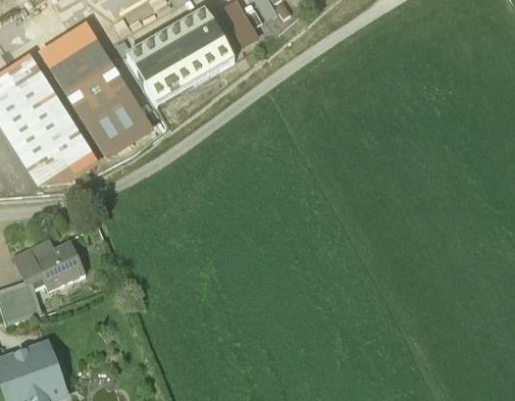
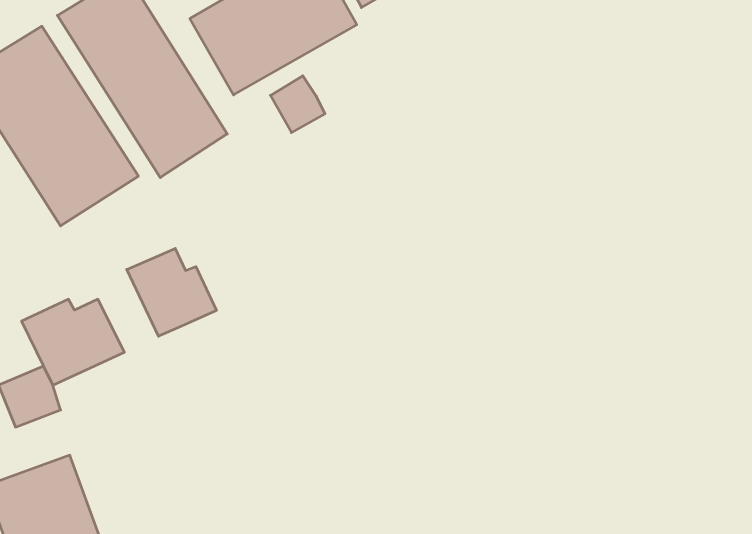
building: none -> [270,76,325,133]
building: none -> [127,248,216,336]

